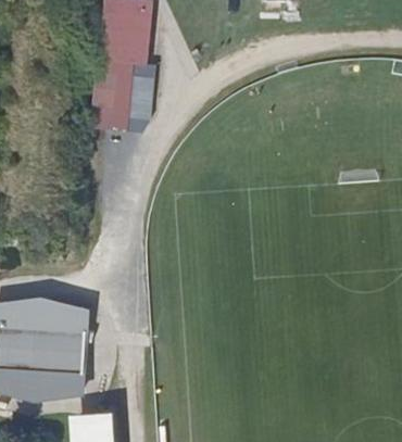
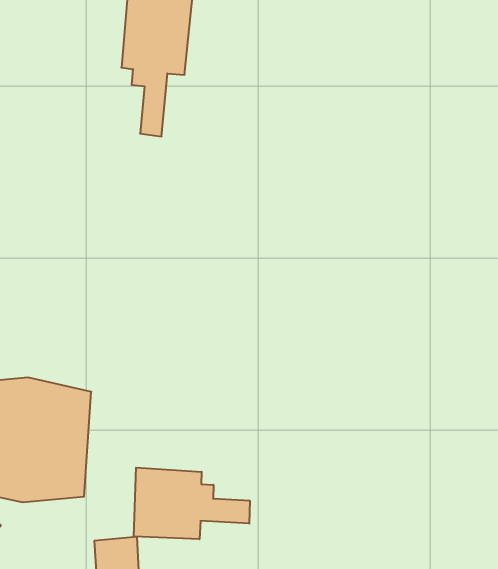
building: [93,58,155,130] -> none
building: none -> [134,468,250,539]

